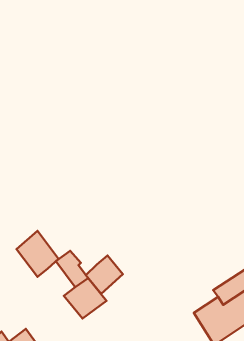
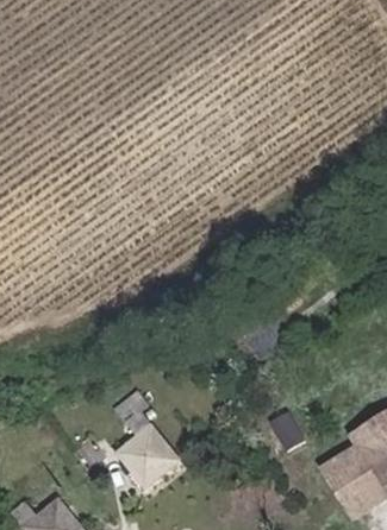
building: [17,231,58,277] -> none
building: [86,255,123,294] -> none

